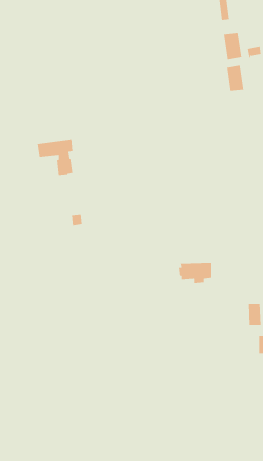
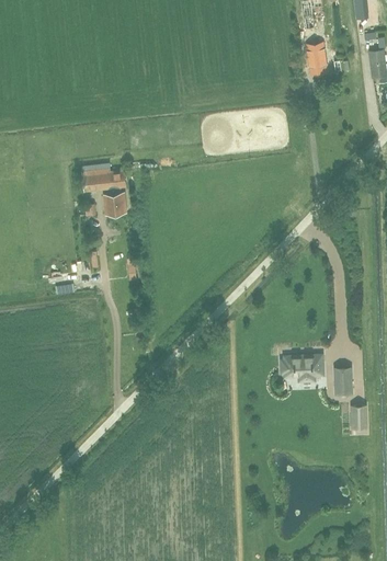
building: [227,64,244,92] -> none
building: [178,262,212,283] -> [281,355,321,380]

